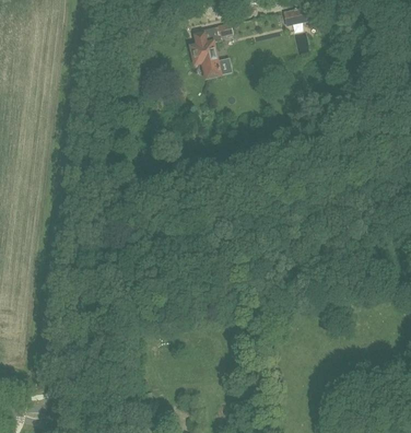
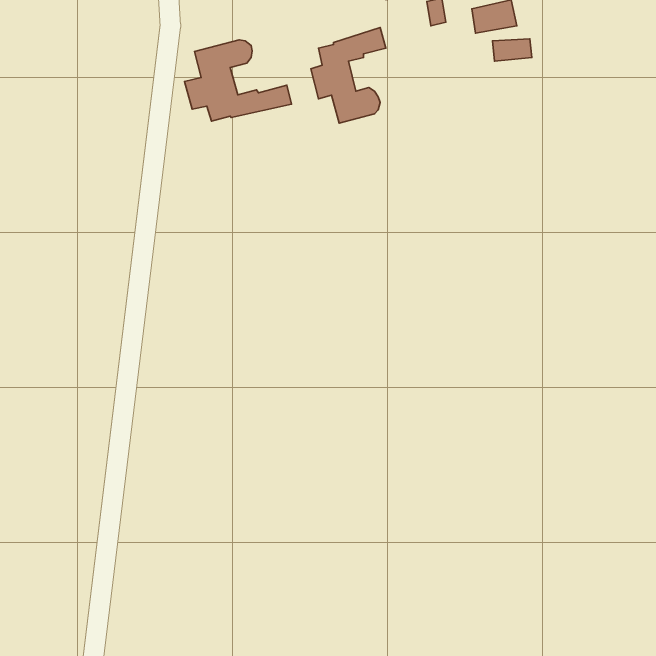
building: none -> [184,40,292,121]

